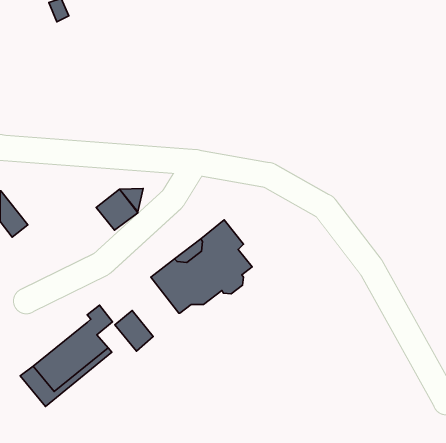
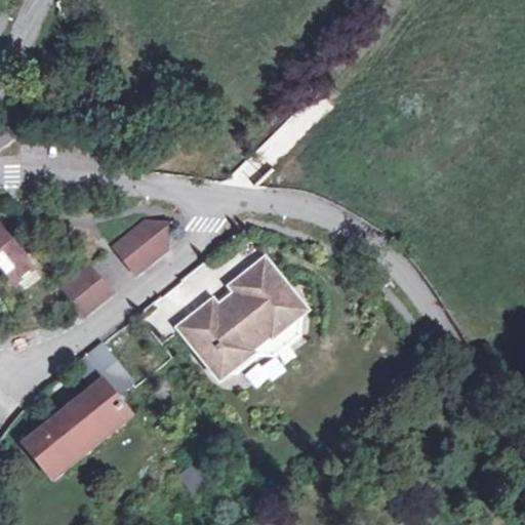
building: none -> [62,262,111,312]
building: [115,311,153,351] -> none

